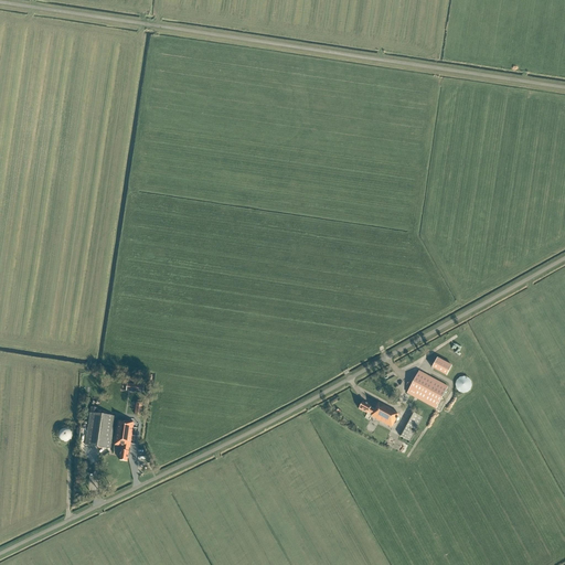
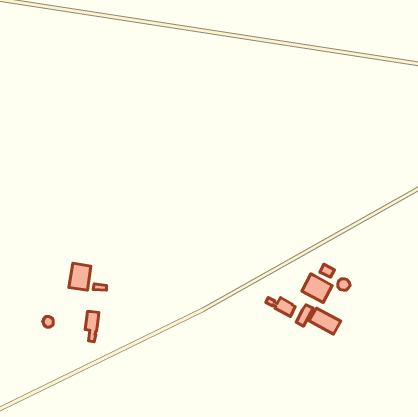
building: [85,412,115,448] -> [69,263,91,290]
building: none -> [309,308,341,334]

